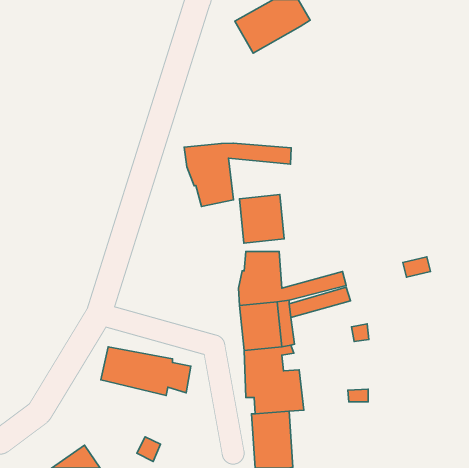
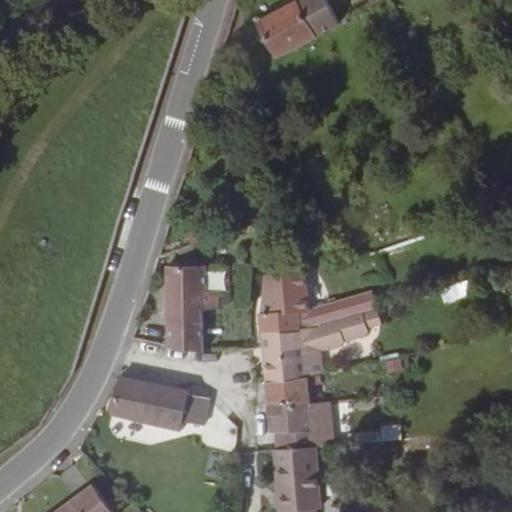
building: [184,143,291,207] -> none
building: [239,195,284,243] -> none
building: none -> [166,266,214,353]

